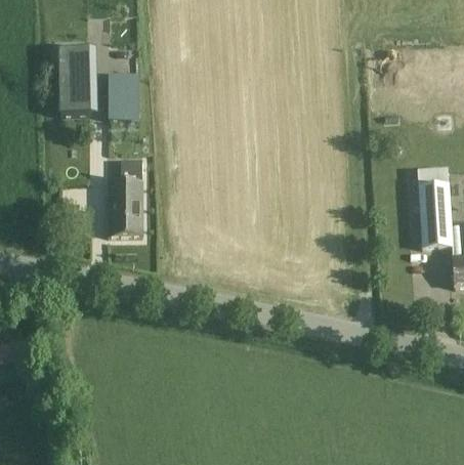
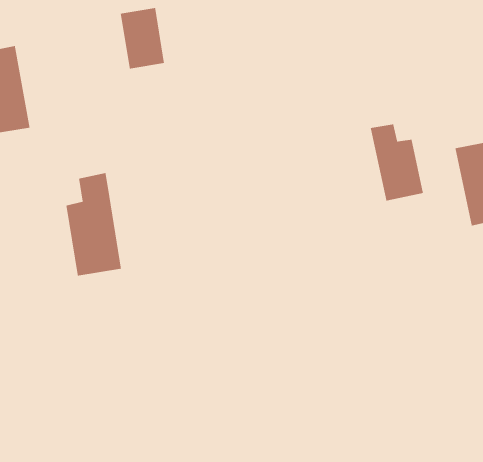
building: [109,71,137,116] -> [120,7,165,69]
building: none -> [370,123,424,202]

